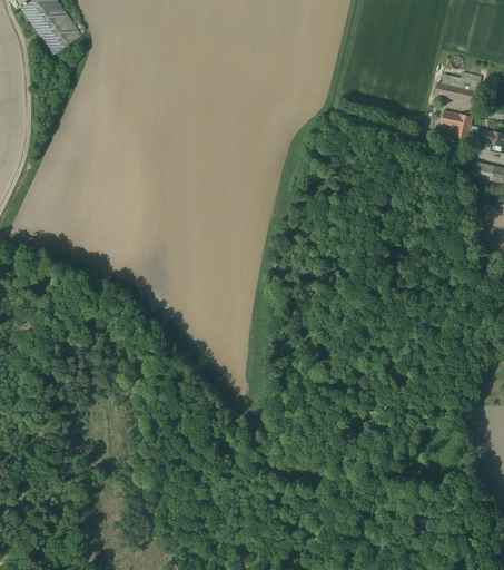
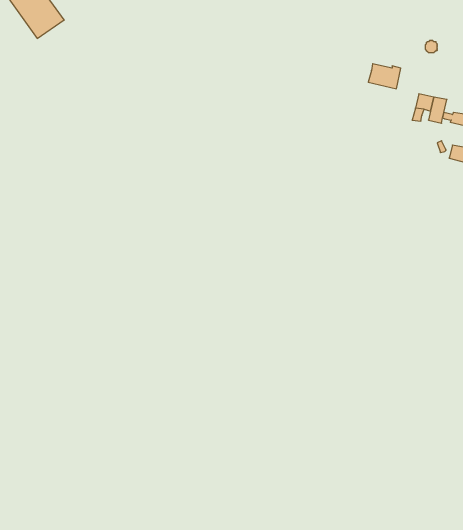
building: [445,77,478,102] -> [368,64,401,89]

